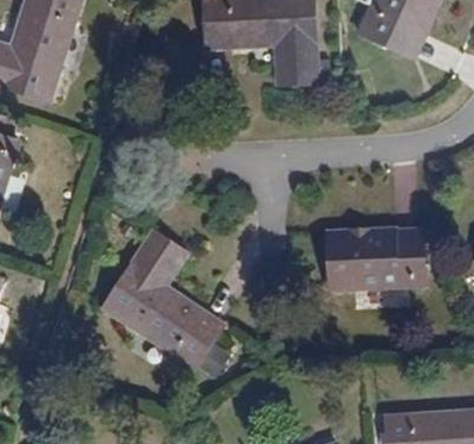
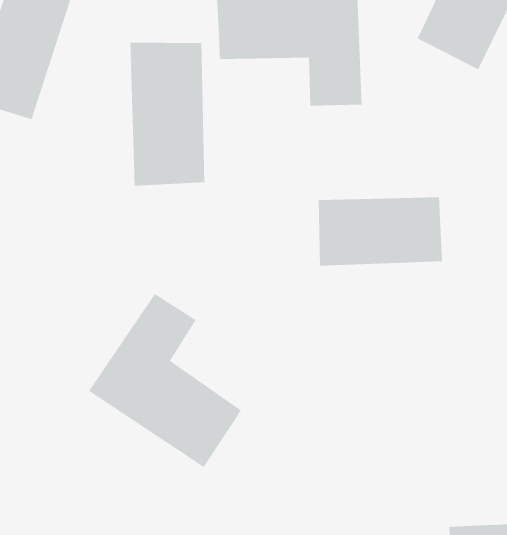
building: none -> [130,42,205,186]
building: [325,239,424,294] -> [318,197,443,266]

